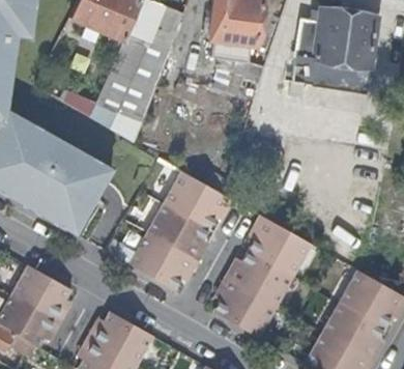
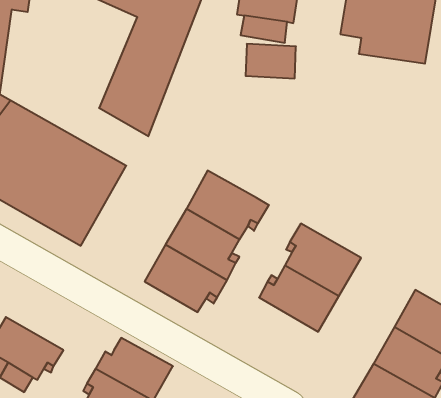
building: [12,265,71,322] -> none
building: [213,278,276,338] -> none

